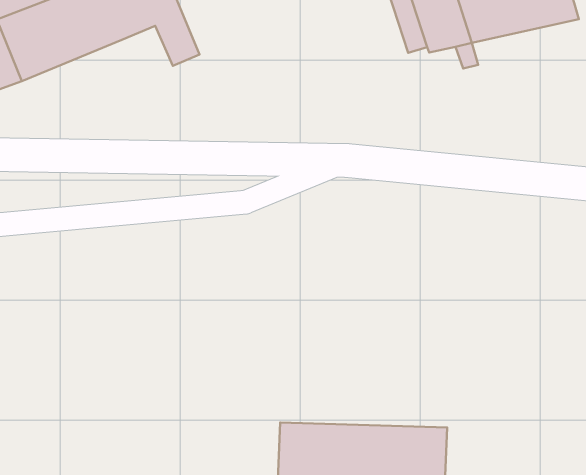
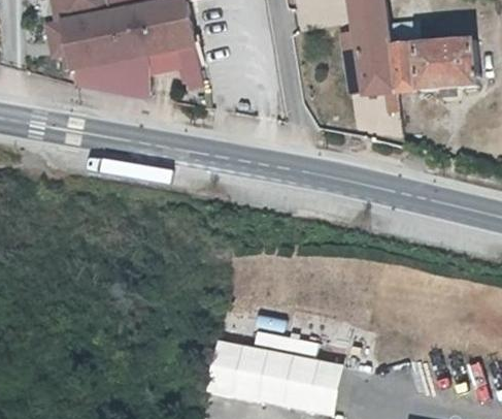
building: none -> [69,49,146,97]

